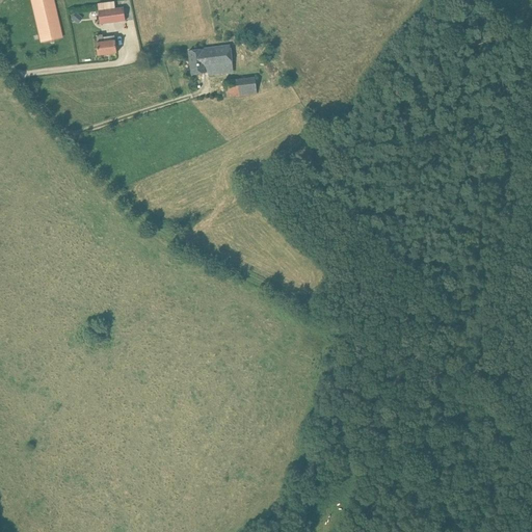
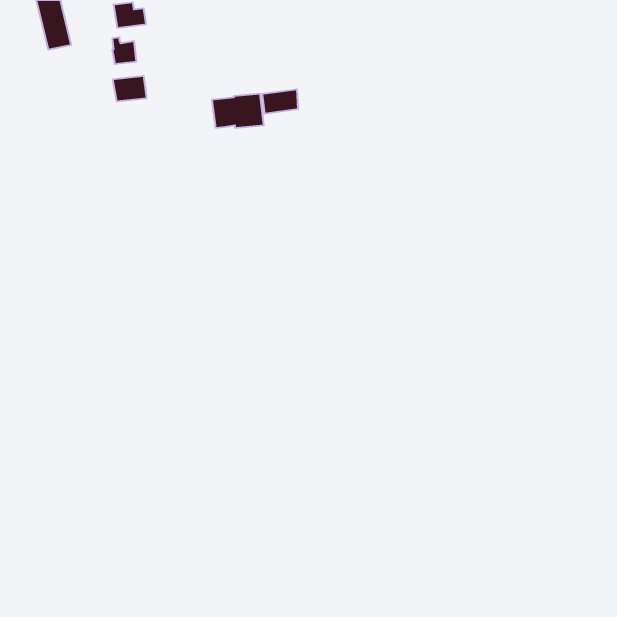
building: [189,46,234,75] -> [212,94,264,128]
building: none -> [113,76,146,102]

